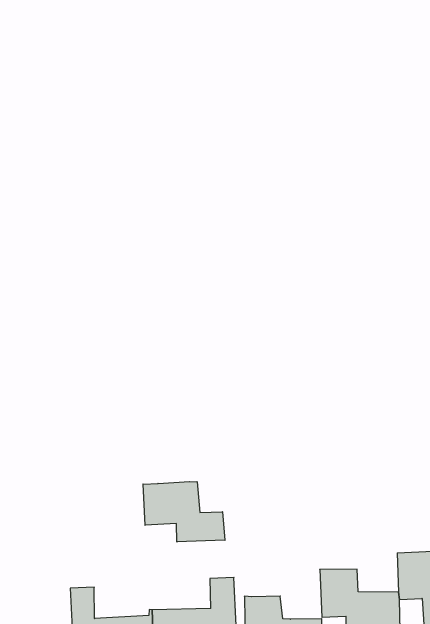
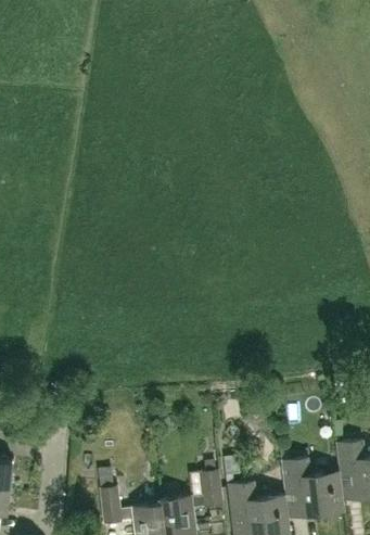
building: [143,482,225,542] -> none

